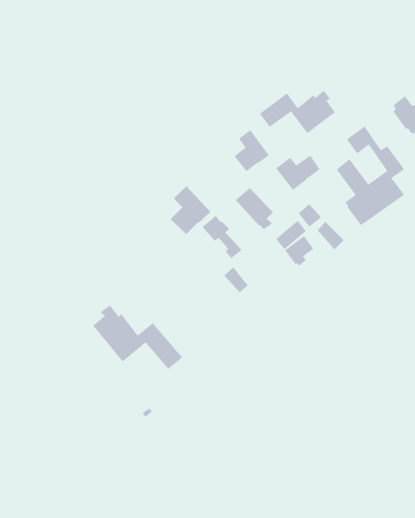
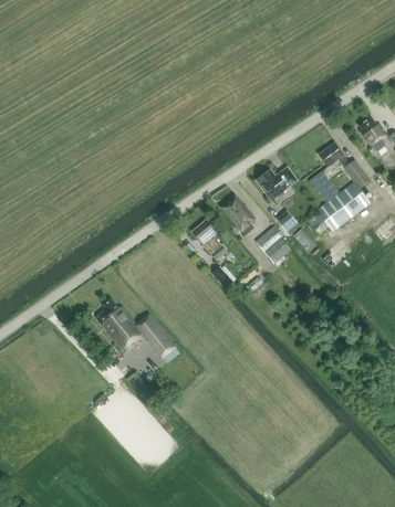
building: [259,90,336,134] -> none
building: [234,129,270,172] -> none
building: [170,186,211,235] -> none

